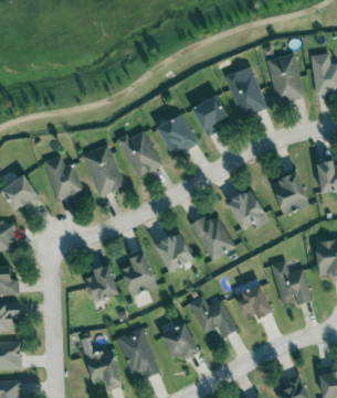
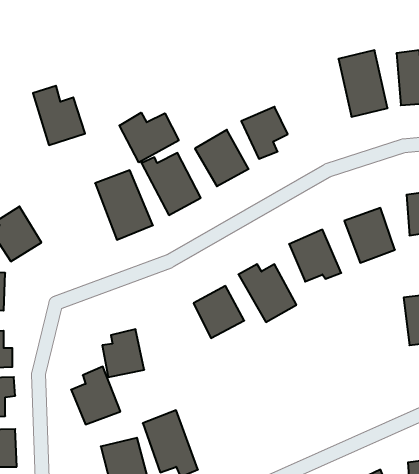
building: [223,72,267,119] -> none
building: none -> [119,113,179,162]
building: [43,155,83,201] -> [33,86,85,145]
building: [120,252,158,297] -> [71,367,120,424]
building: [271,260,312,305] -> none
building: [238,286,272,319] -> none
building: [188,295,238,337] -> none
building: [162,323,200,359] -> none

